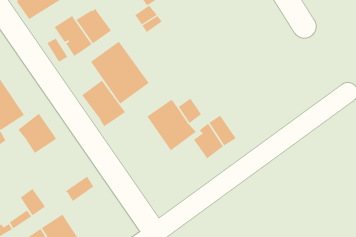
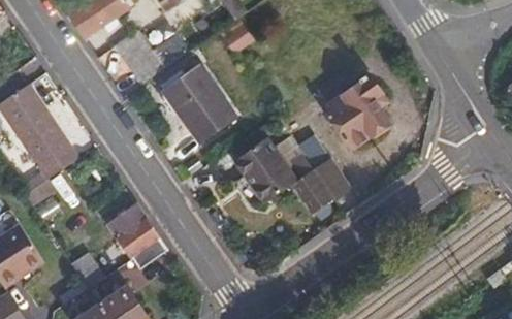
building: none -> [324,75,390,149]
building: [82,80,126,127] -> none
building: [17,113,57,154] -> [108,203,159,256]

